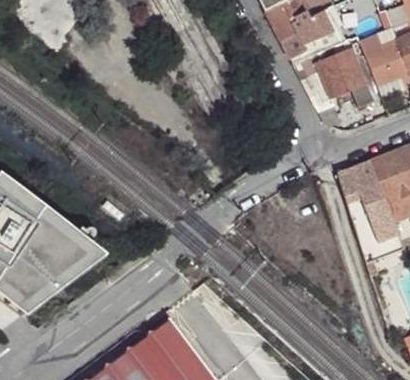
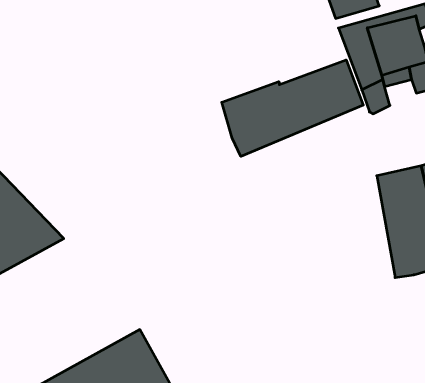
building: none -> [222,60,363,156]

